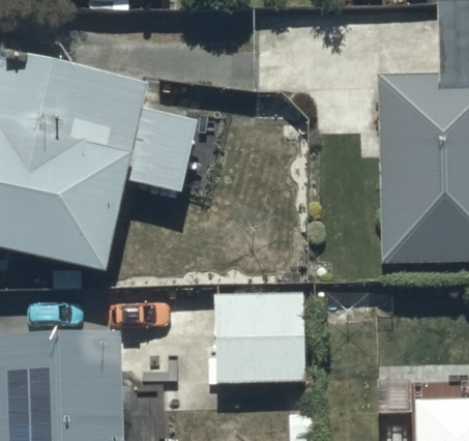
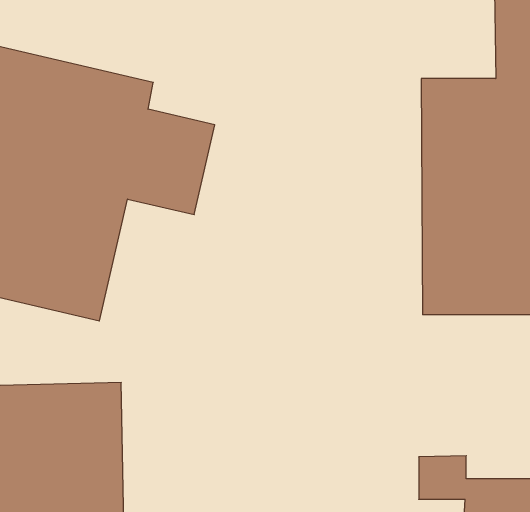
building: [211,296,306,388] -> none

